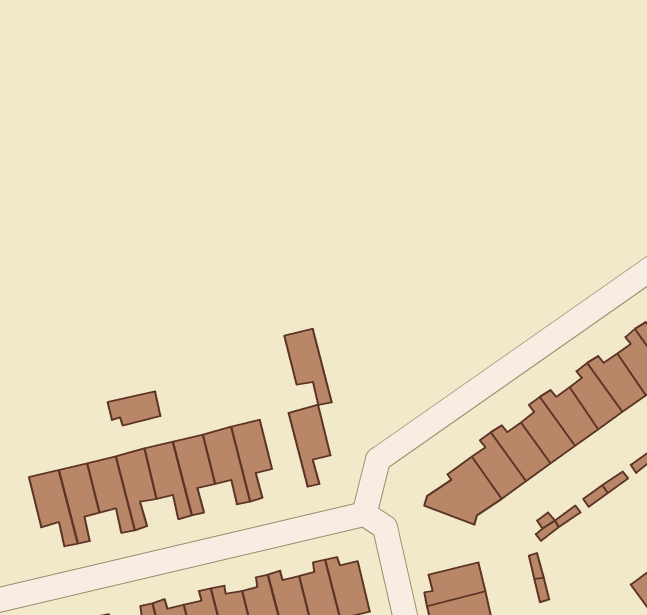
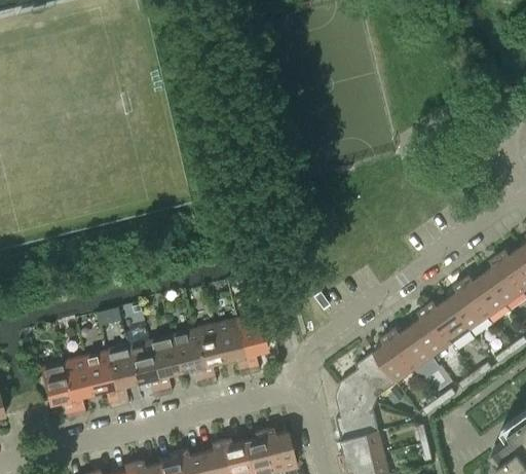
building: [284,329,332,405] -> [215,319,251,376]
building: none -> [336,389,380,441]

